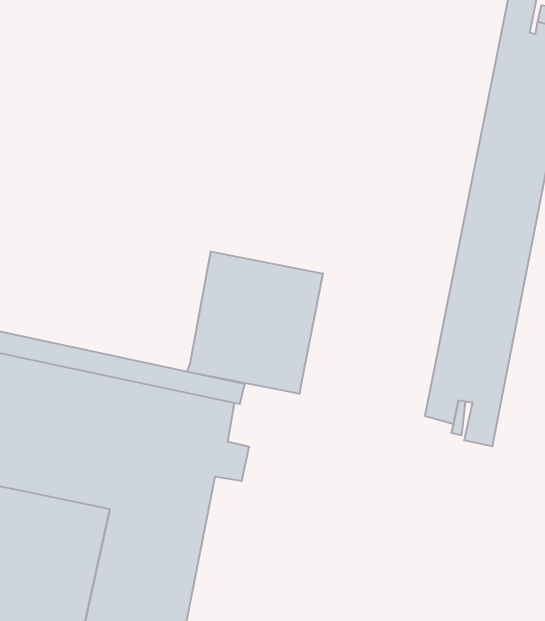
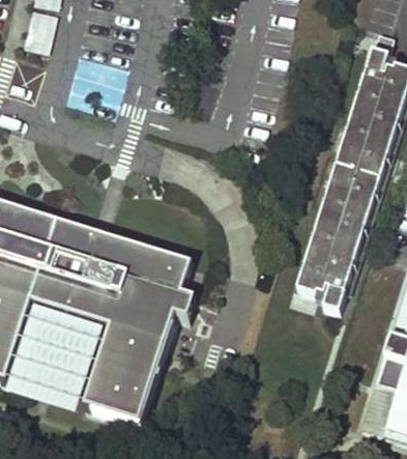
building: [187,251,323,394] -> none

